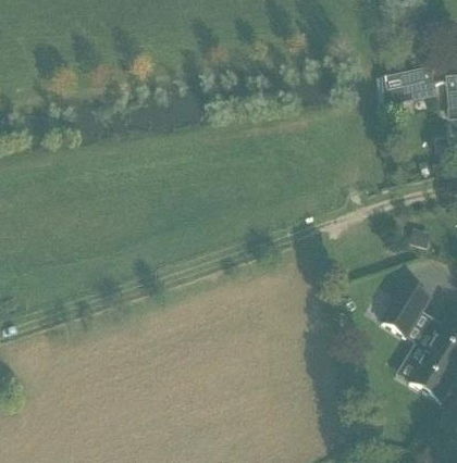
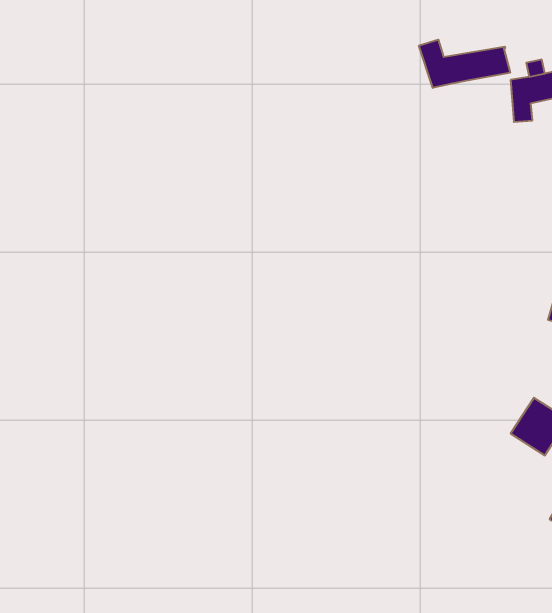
building: none -> [419,40,510,88]

